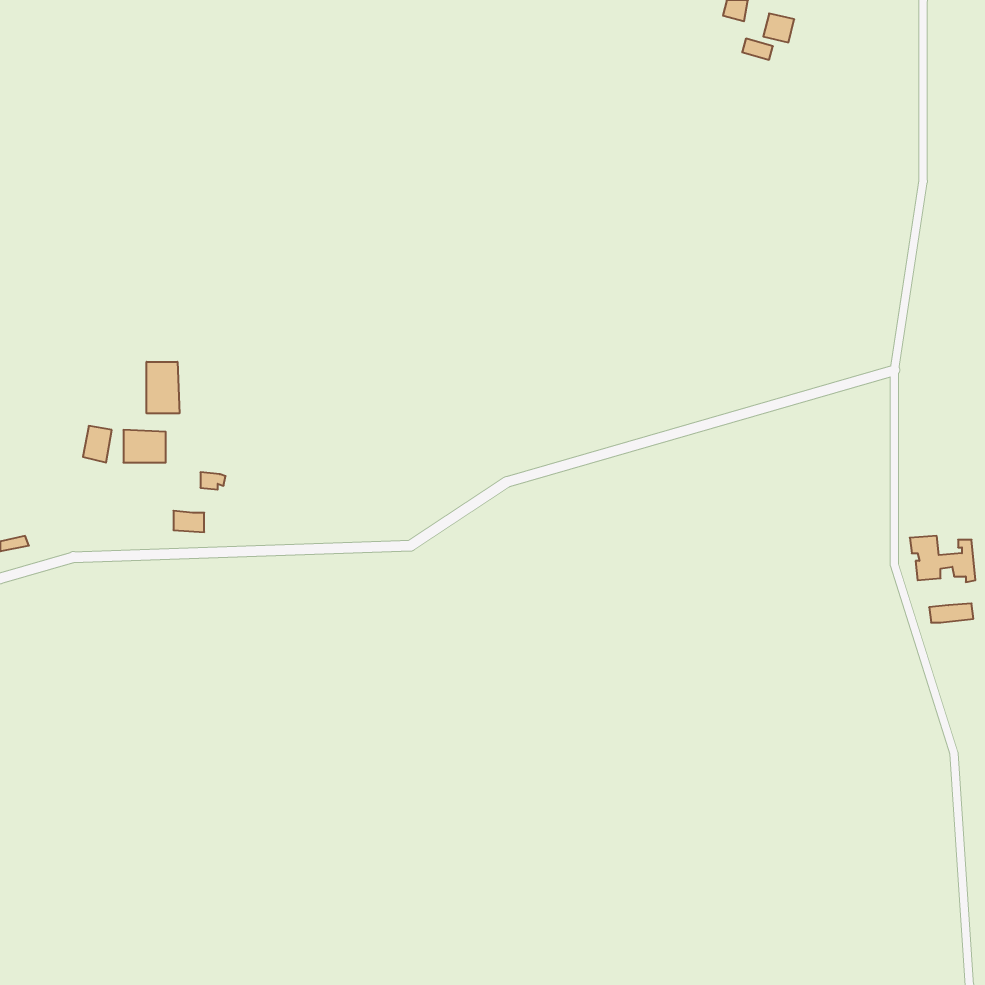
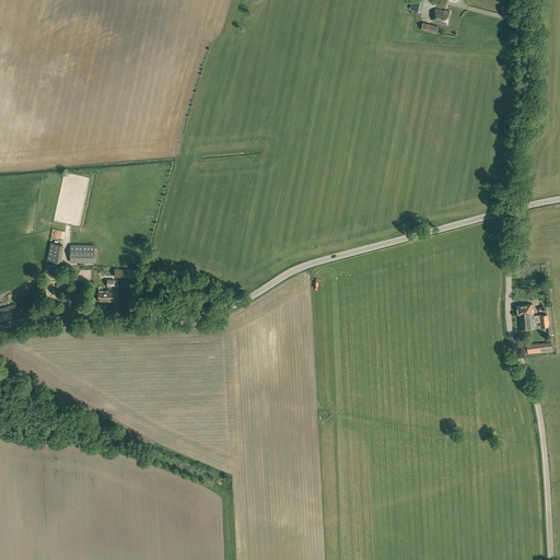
building: [147,362,179,413] -> none

